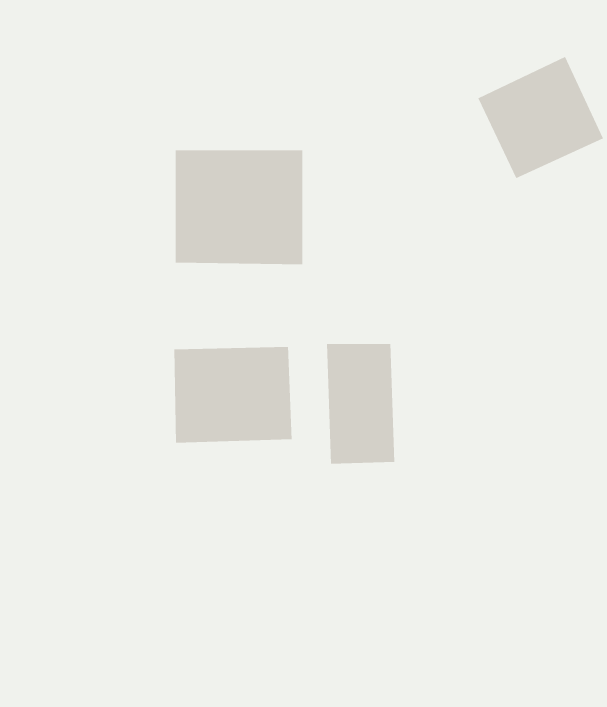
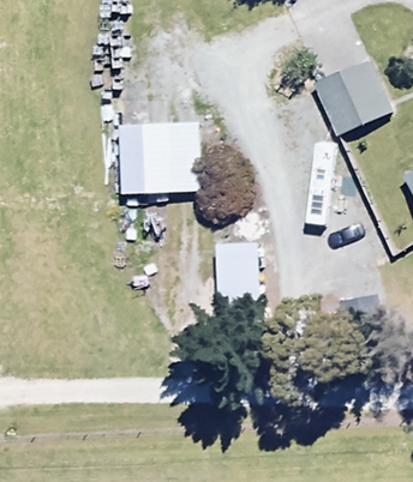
building: [174,346,292,444] -> none

